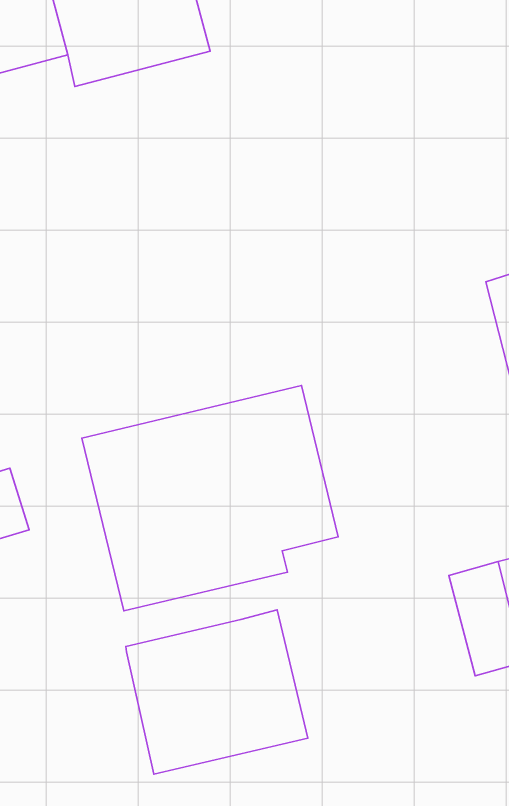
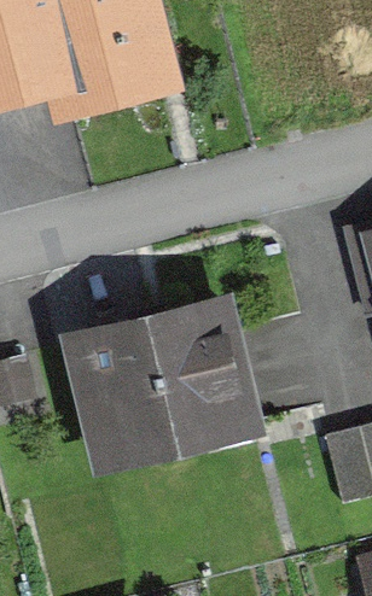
building: [126,610,308,774] -> none

